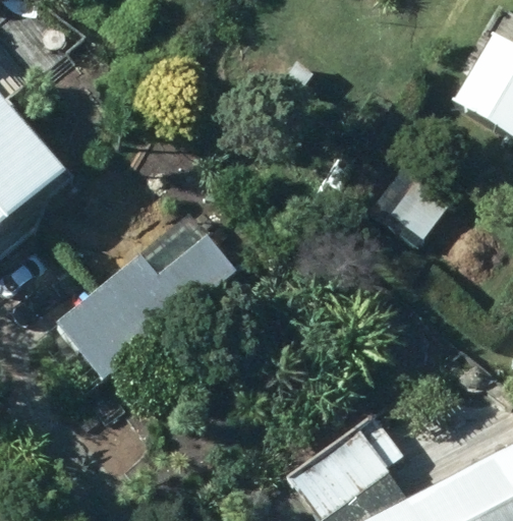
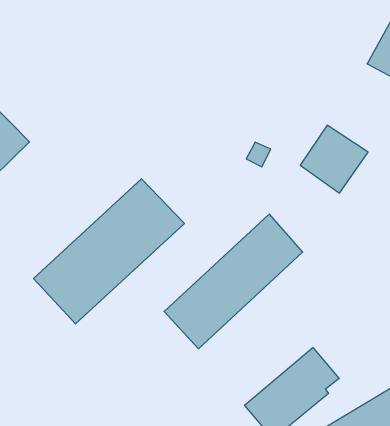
building: none -> [164,214,303,349]

